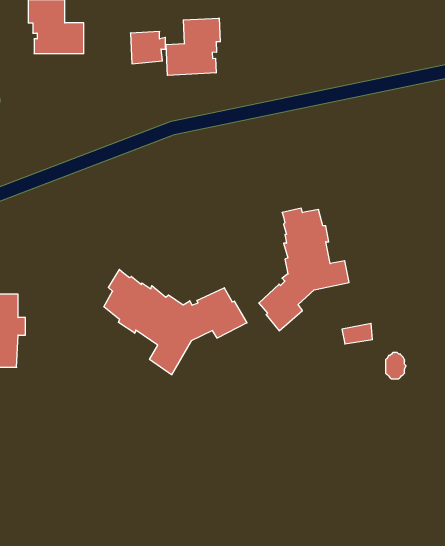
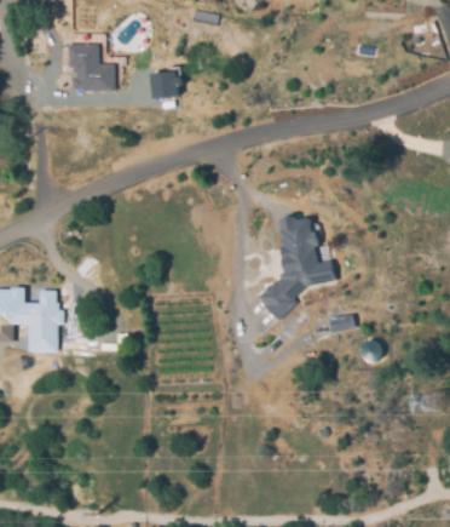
building: [166,18,220,75] -> none
building: [104,269,247,375] -> none

